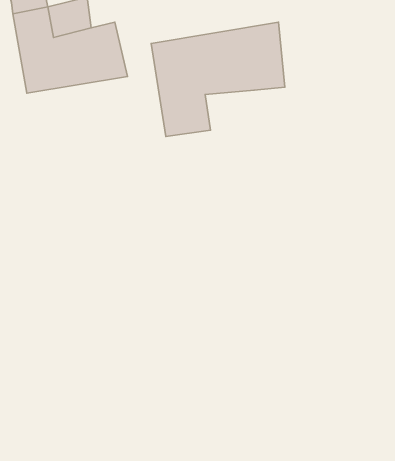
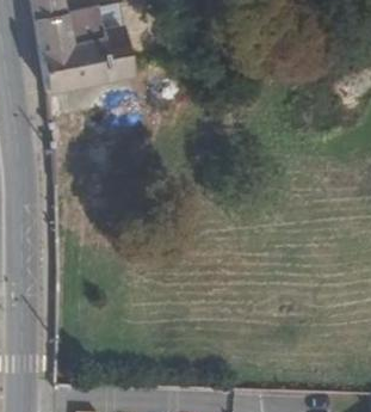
building: [151,22,285,136] -> none

